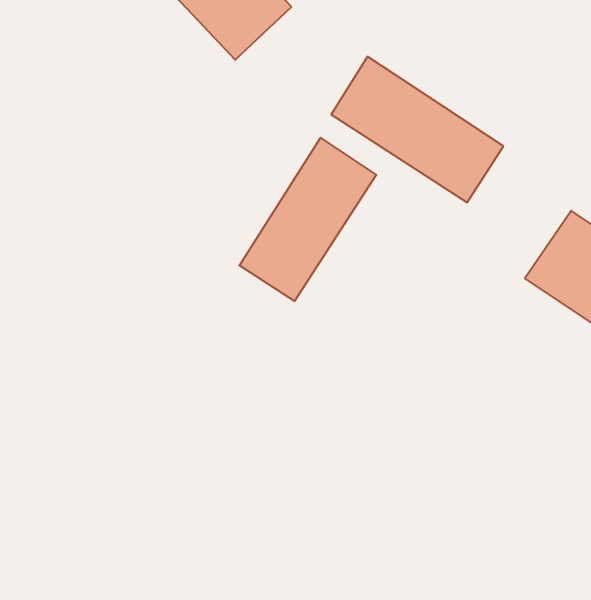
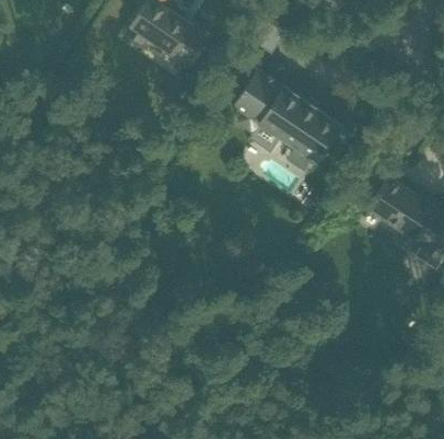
building: [239,138,376,301] -> none

